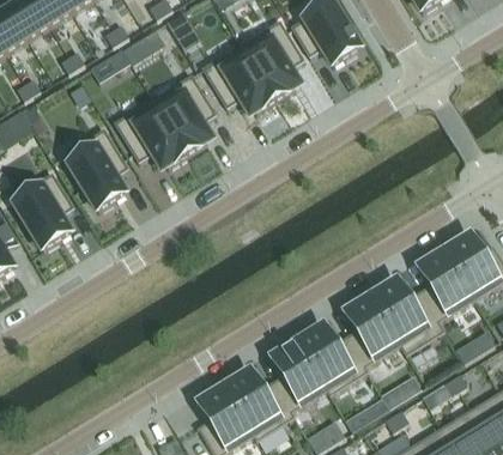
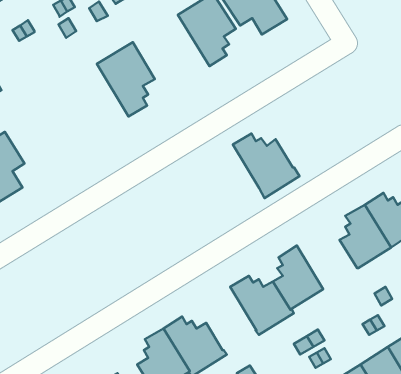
building: [200,43,274,111] -> none
building: [113,97,186,166] -> none
building: [61,127,127,210] -> none
building: [370,284,443,354] -> [233,134,300,198]
building: [271,341,326,411] -> none

